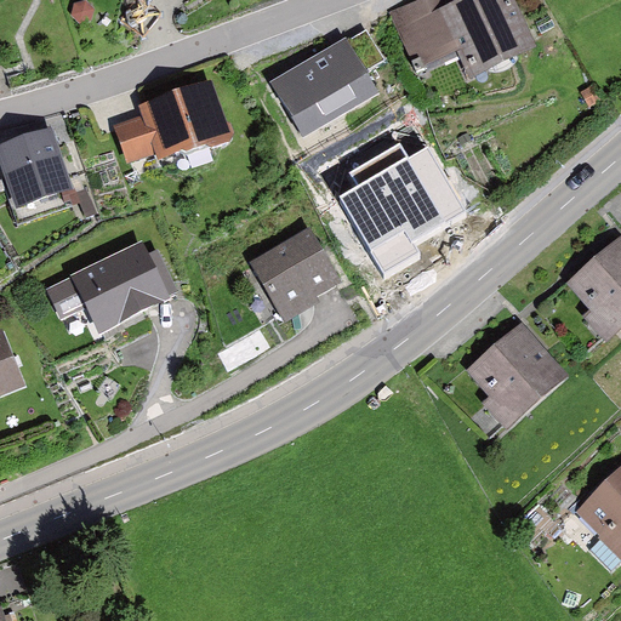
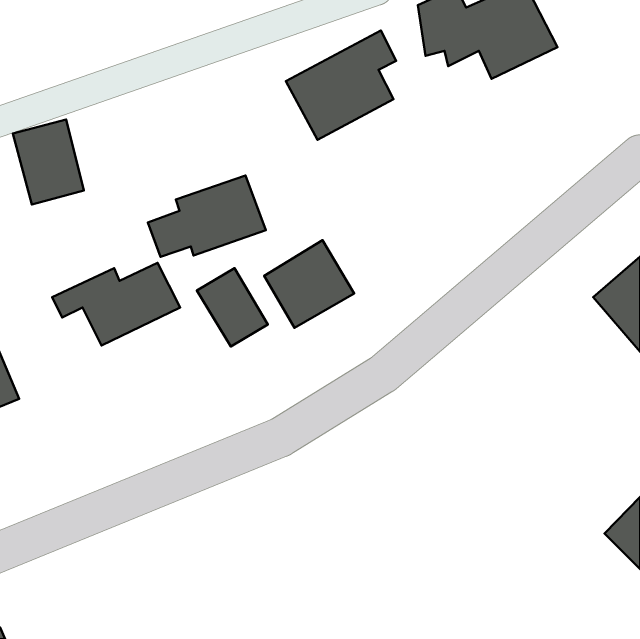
building: [115,82,228,160] -> [148,175,266,257]
building: [331,138,458,264] -> none
building: none -> [197,268,268,346]
building: [465,325,568,427] -> none

